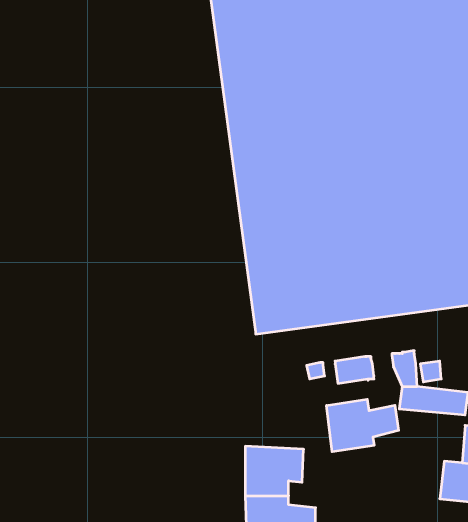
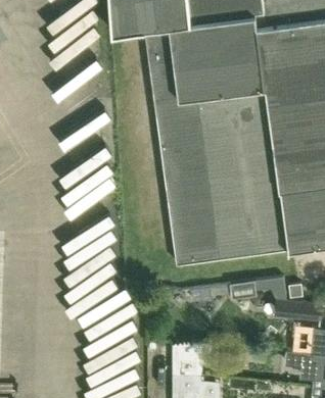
building: [327,399,399,452] -> none

